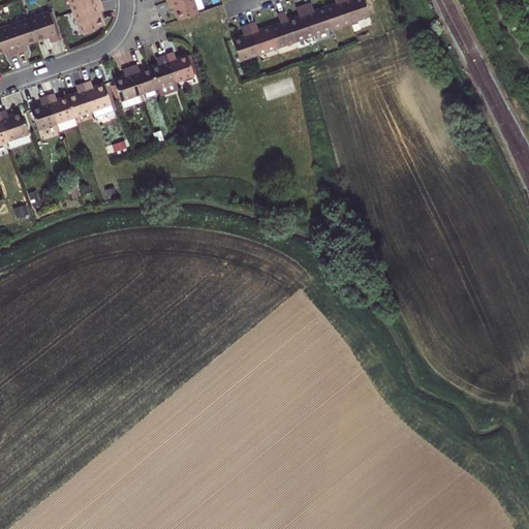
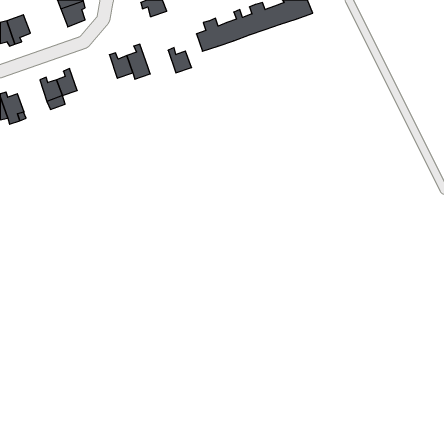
building: [28,11,59,41] -> none
building: [166,51,194,81] -> [168,48,192,73]
building: [115,66,143,107] -> none
building: [83,81,114,118] -> none
building: [31,96,56,128] -> none

